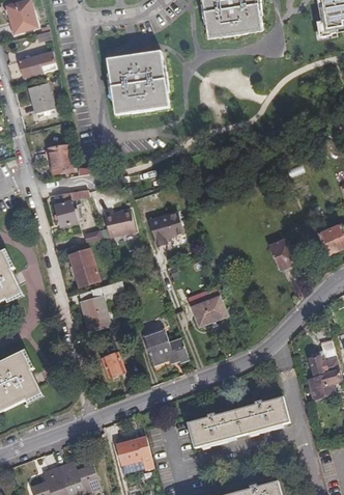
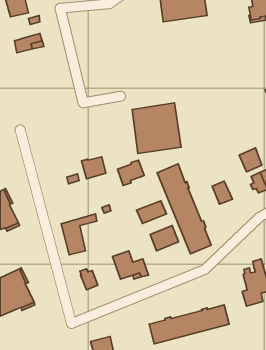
building: [108,49,170,113] -> [132,103,181,154]
building: [29,82,56,112] -> none
building: [49,145,71,173] -> none
building: [53,189,89,226] -> none
building: none -> [239,148,262,172]
building: none -> [157,164,211,254]
building: [68,248,98,286] -> none
building: none -> [137,201,166,224]

